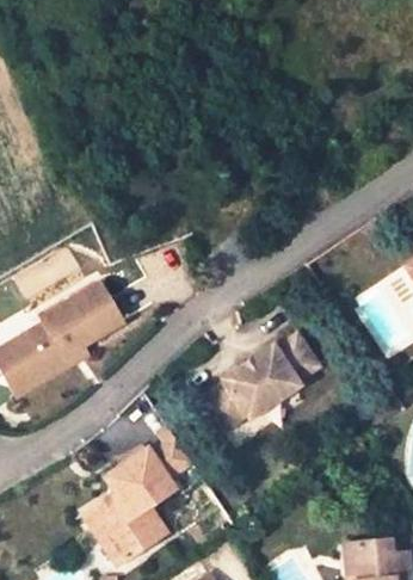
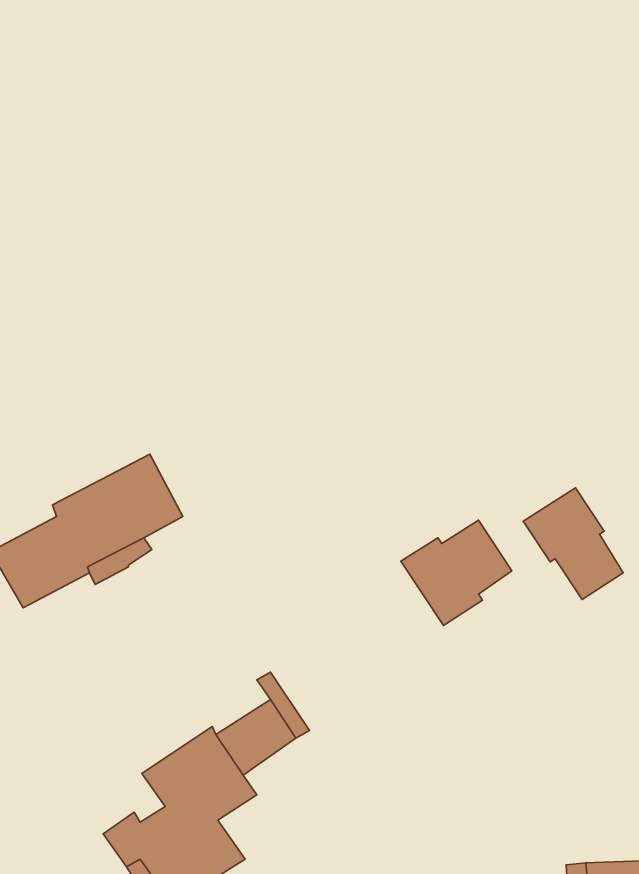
building: none -> [523,488,623,600]
building: [204,359,276,427] -> none

